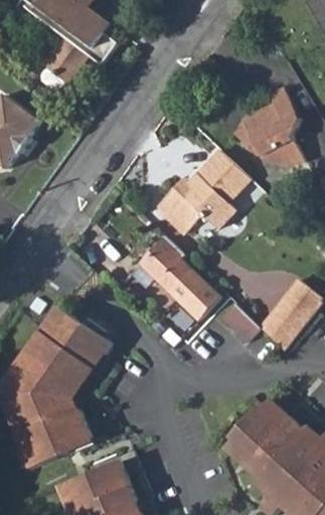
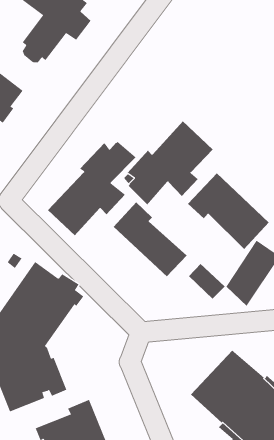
building: [229,84,306,159] -> none
building: none -> [47,141,136,236]
building: none -> [187,173,270,250]

